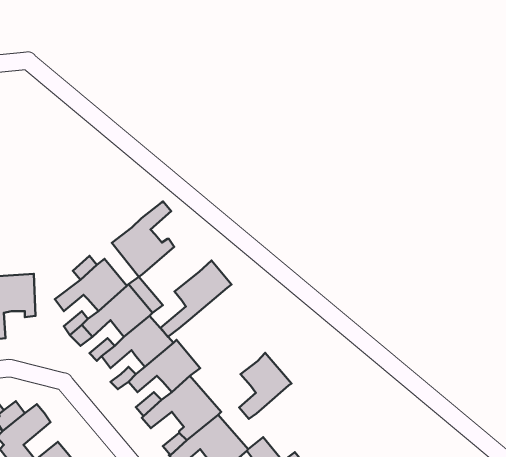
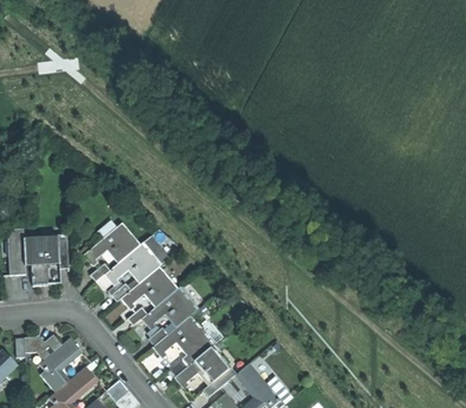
building: [112,201,174,277] -> none
building: [161,261,232,337] -> none
building: [239,353,292,419] -> none

